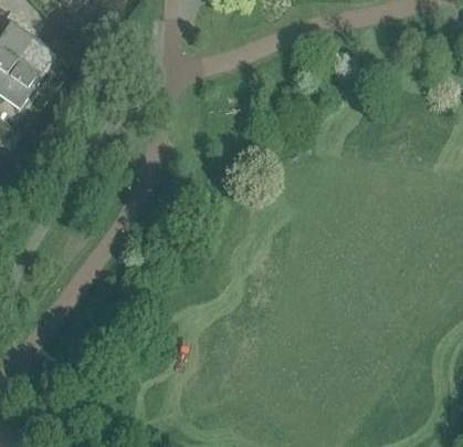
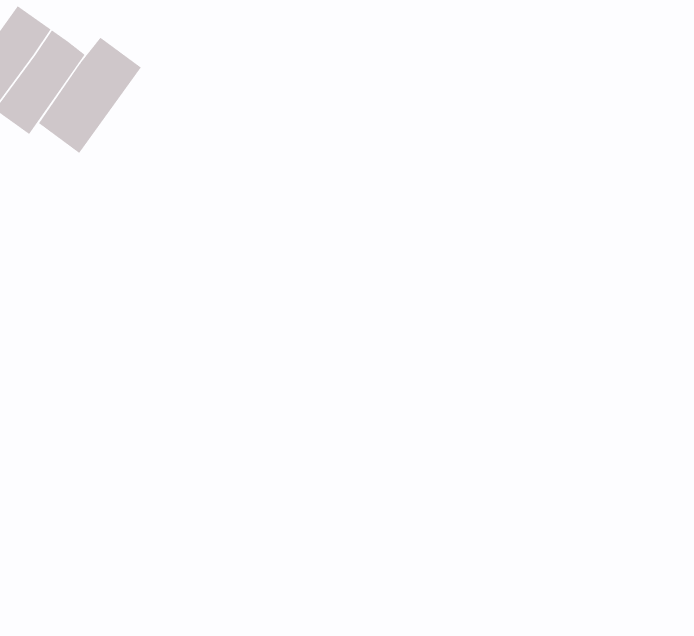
building: none -> [38,37,145,154]

